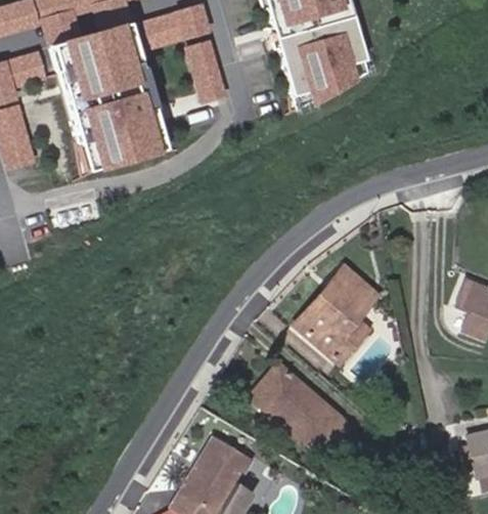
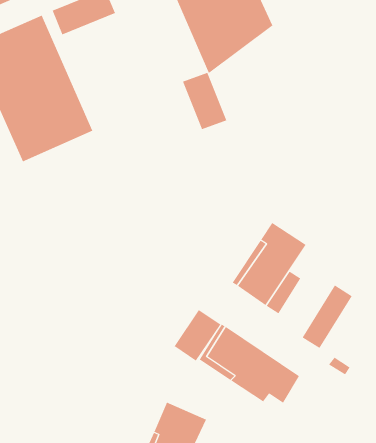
building: [185,41,226,99] -> [182,72,227,130]
building: none -> [302,285,352,349]
building: none -> [174,309,221,361]

